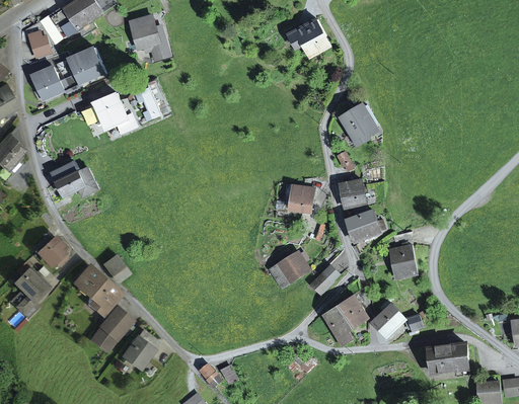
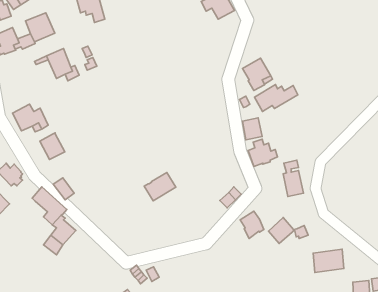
building: none -> [254,85,298,111]
building: [285,183,312,212] -> none
building: none -> [40,133,65,159]
building: [270,253,309,289] -> [144,172,176,201]
building: [324,307,353,346] -> none
building: [124,329,157,367] -> none

